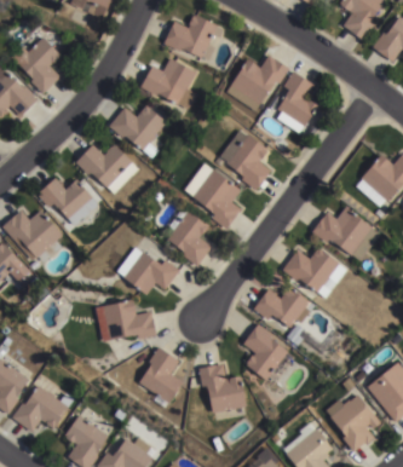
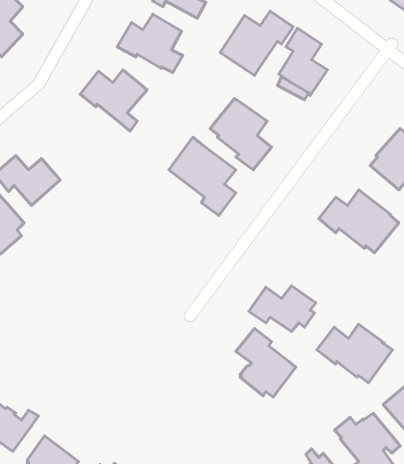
building: [75,144,138,194] -> none
building: [163,207,212,266] -> none
building: [116,247,179,295] -> none
building: [282,248,346,298] -> [317,324,393,383]
building: [96,299,157,341] -> none
building: [139,347,182,408] -> none
building: [198,364,247,414] -> none

